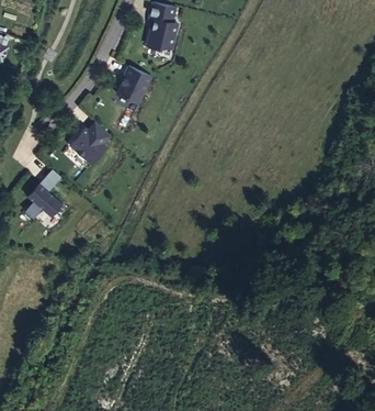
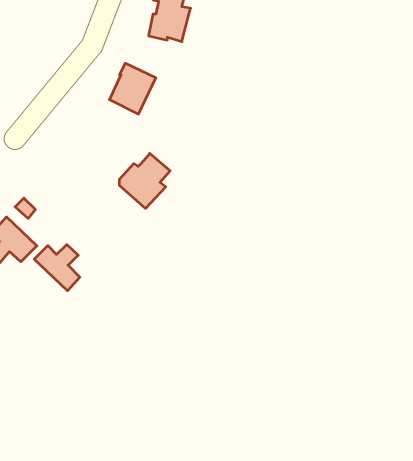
building: [71,123,110,165] -> [119,153,170,208]
building: none -> [34,245,80,291]

